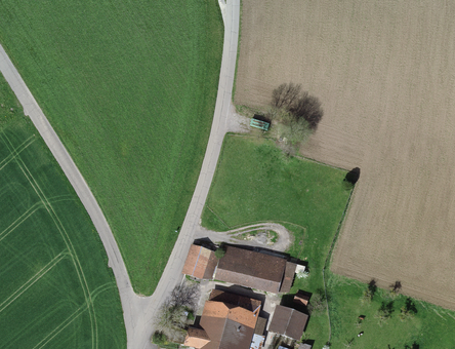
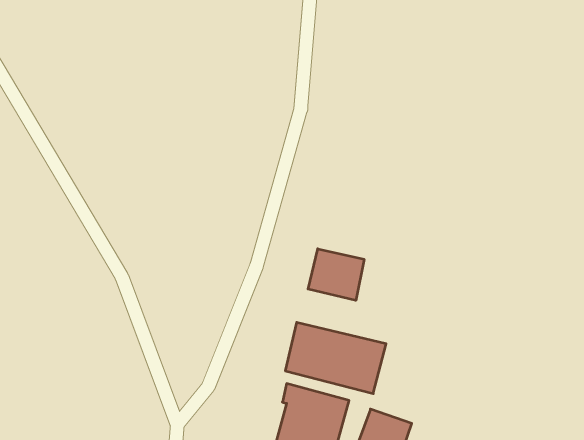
building: none -> [308,249,364,300]
building: [185,244,220,276] -> none

